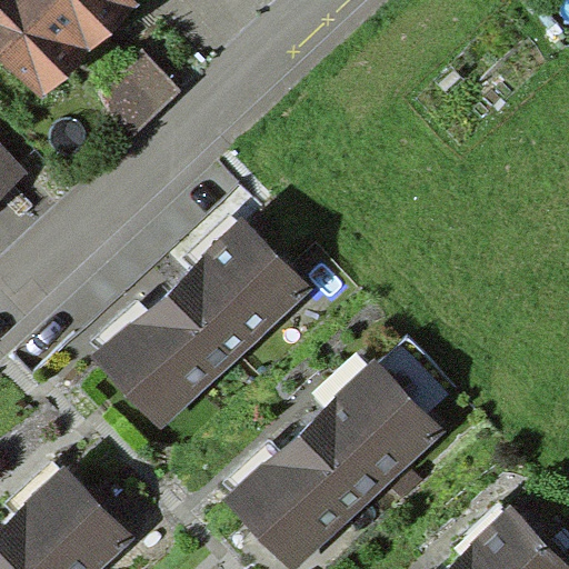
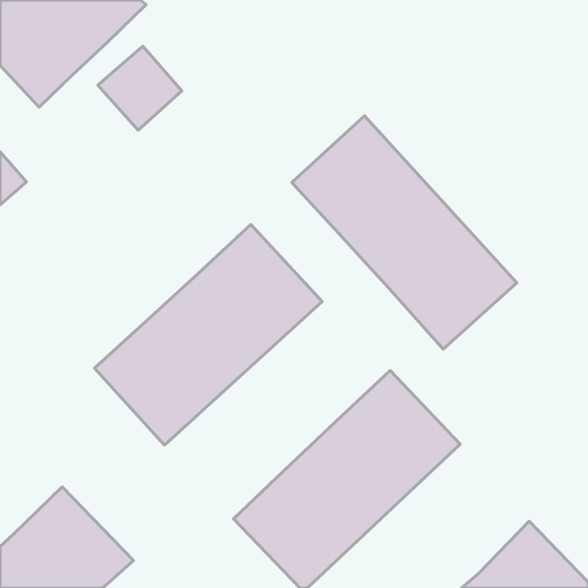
building: none -> [292,116,517,349]

